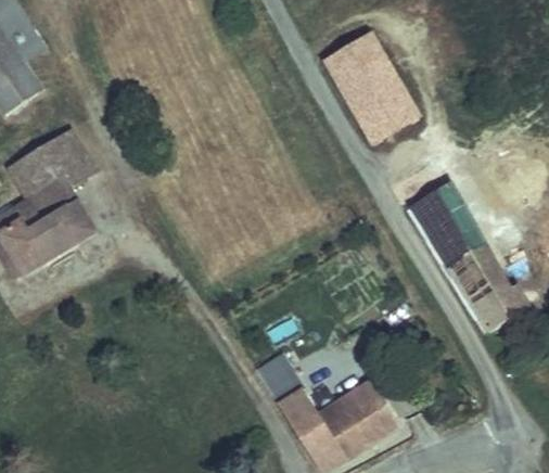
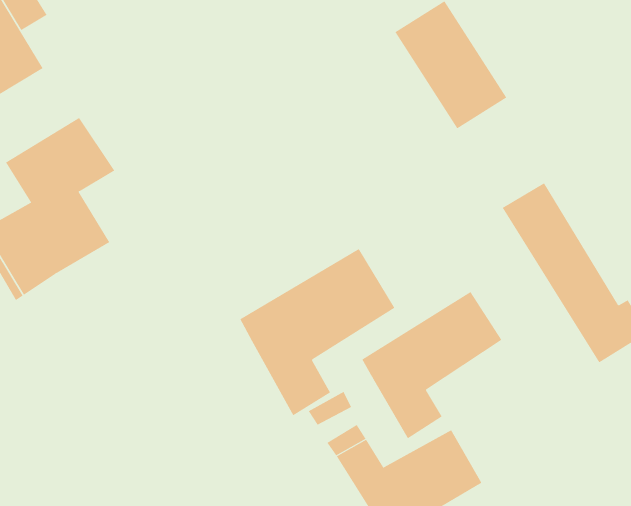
building: none -> [239,248,395,416]
building: none -> [362,291,502,439]

